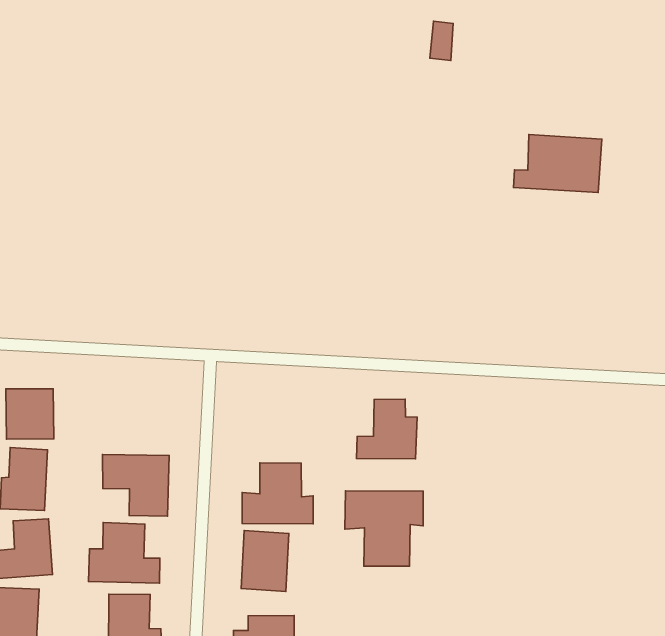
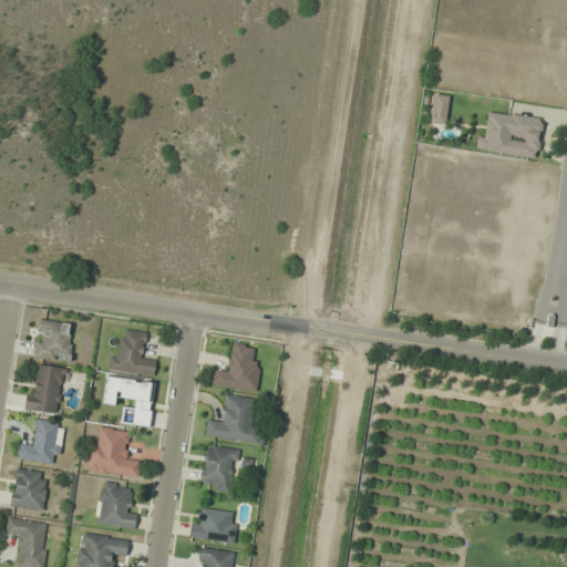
building: [430,21,453,61] -> [430,94,450,125]
building: [513,135,602,193] -> [475,111,545,159]
building: none -> [109,329,157,375]
building: [356,399,417,459] -> [213,343,261,391]
building: [345,491,423,566] -> none

